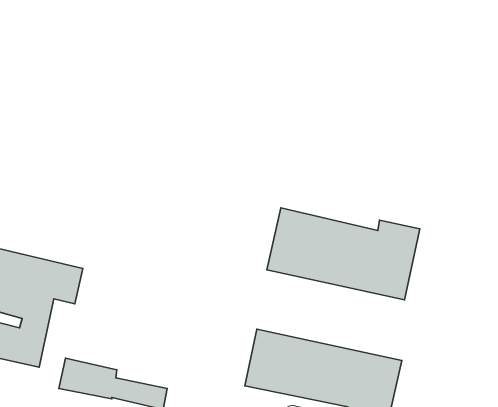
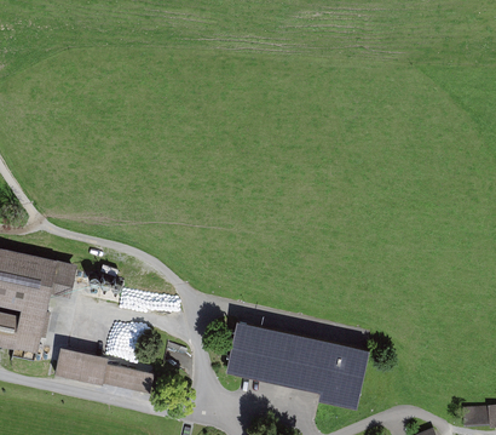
building: [267,208,420,300] -> none

